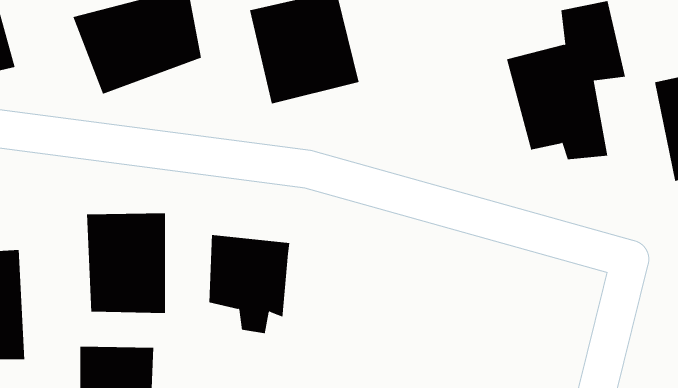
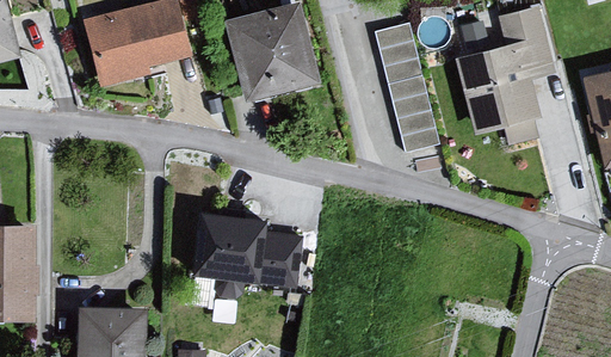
building: none -> [378,19,445,150]
building: [86,213,166,314] -> none
building: none -> [257,228,306,290]

